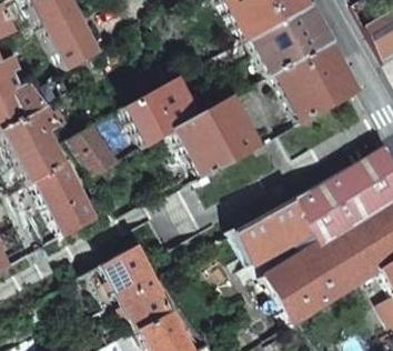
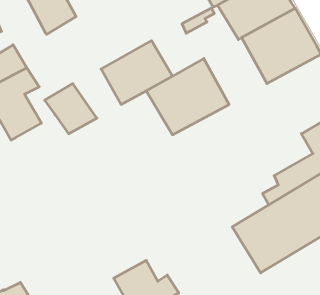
building: [34,162,95,235] -> none
building: [234,177,350,264] -> none
building: [104,245,173,330] -> none

